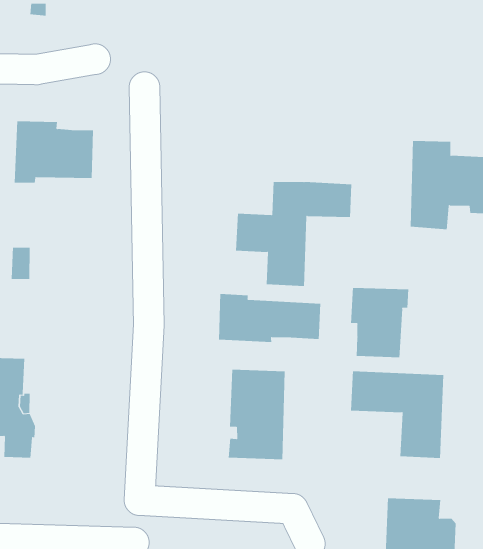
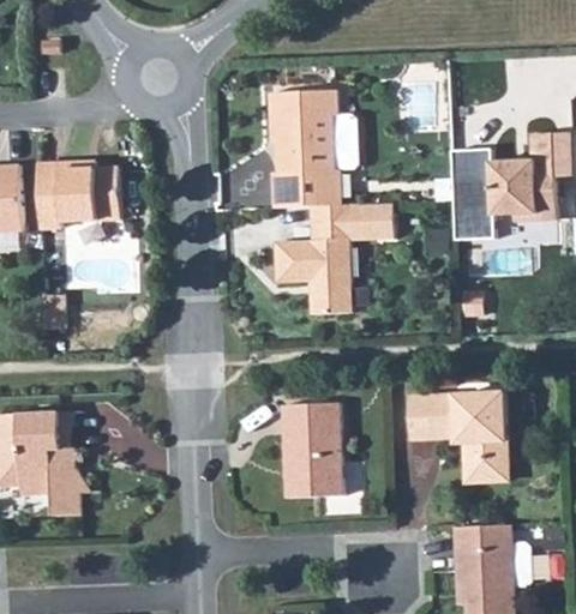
building: none -> [268,89,358,207]
building: [351,287,409,358] -> none
building: [218,293,321,343] -> none

